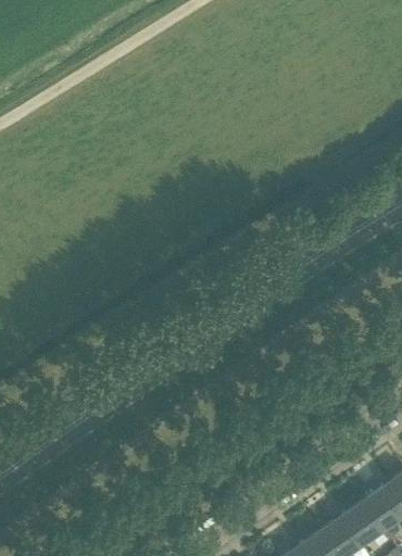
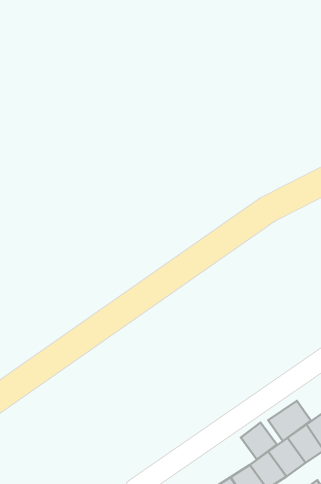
building: none -> [268,401,311,441]
building: none -> [241,422,277,460]

